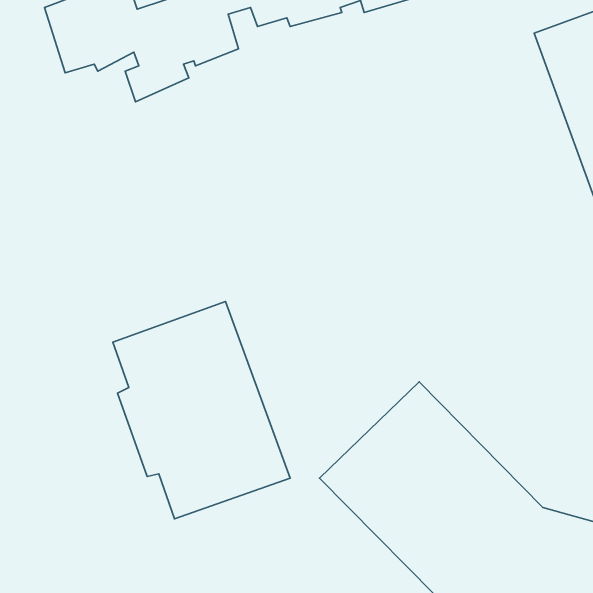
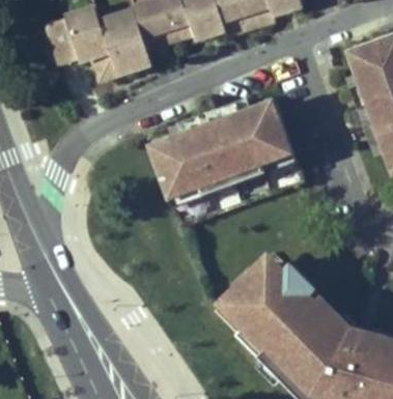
building: none -> [146,96,298,201]
building: [113,302,290,519] -> none

